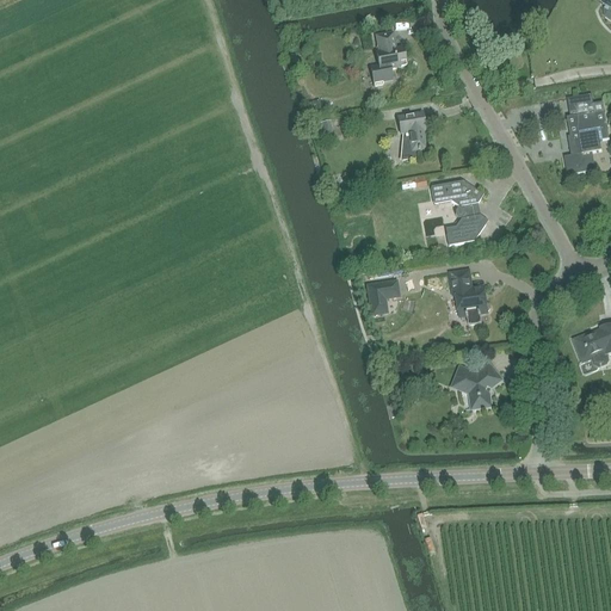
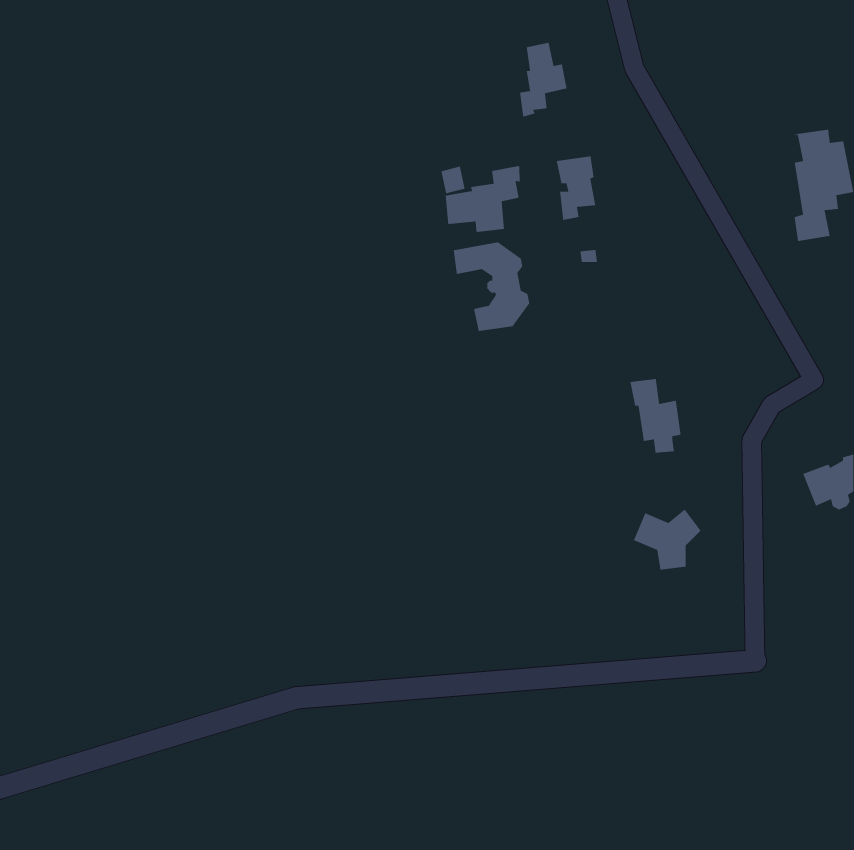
building: none -> [445,165,521,233]
building: [430,179,485,243] -> [453,241,530,332]
building: [366,280,397,313] -> none

